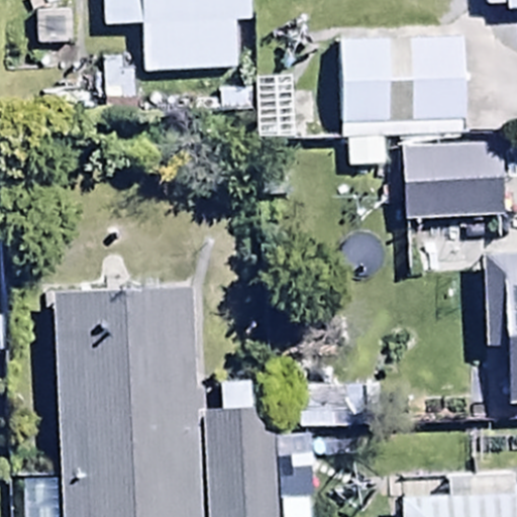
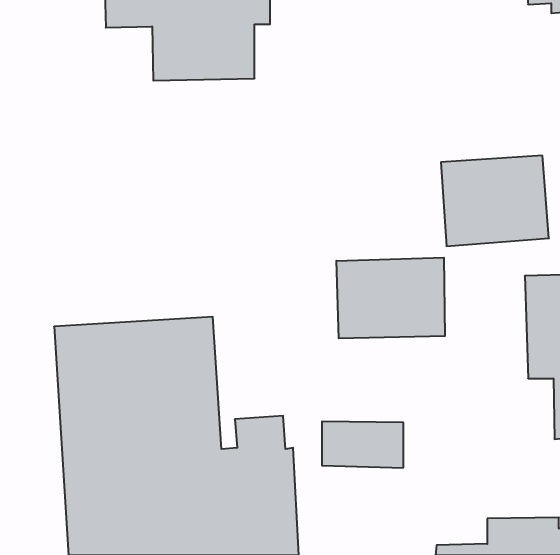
building: [255,25,466,140] -> none
building: none -> [336,258,445,338]

